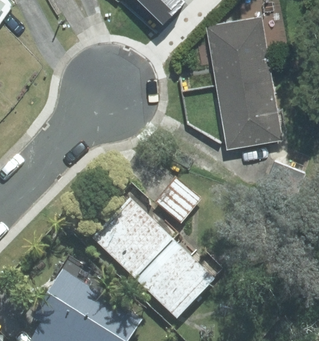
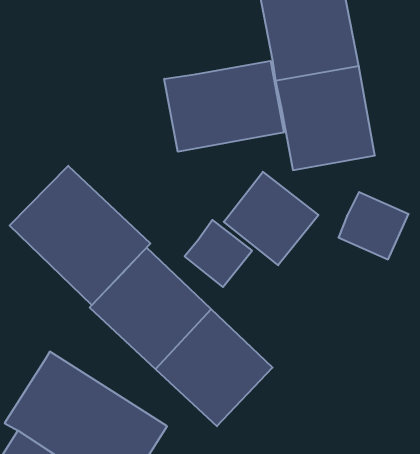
building: none -> [164,61,284,152]
building: none -> [10,166,150,305]
building: none -> [224,172,318,265]

